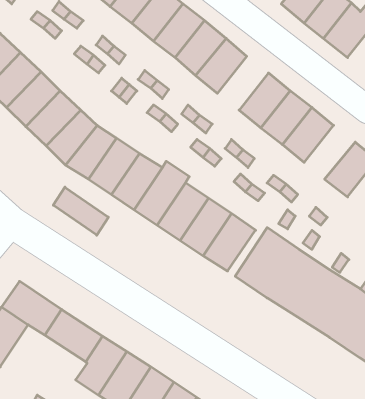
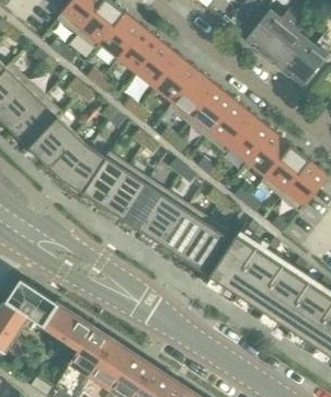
building: none -> [191,86,235,132]
building: none -> [265,145,309,191]
building: [53,187,108,235] -> none

